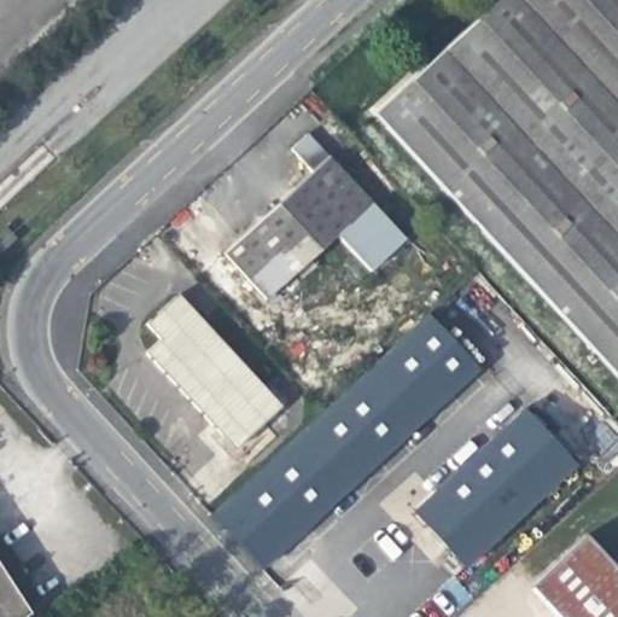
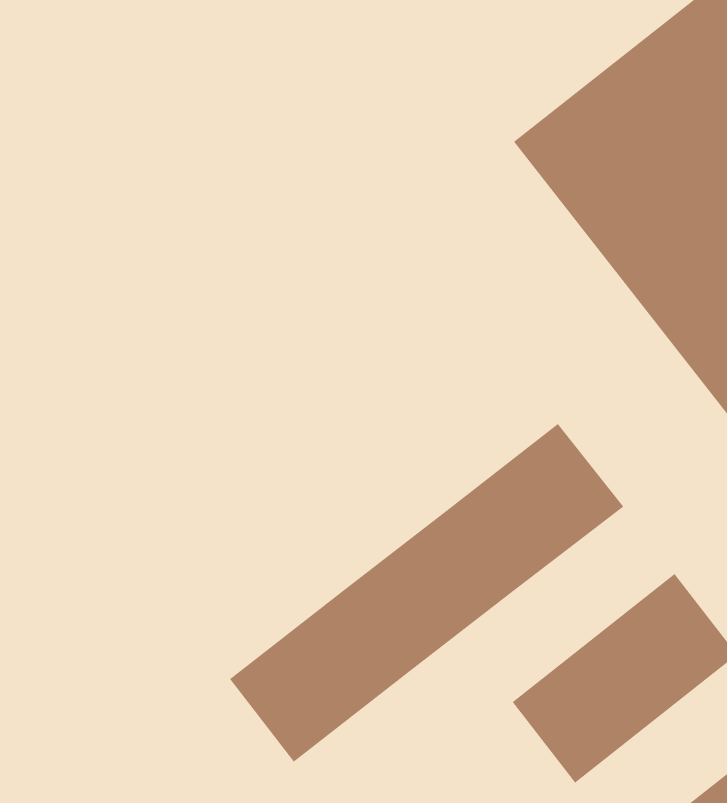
building: [227,127,428,291] -> none
building: [142,297,278,452] -> none

